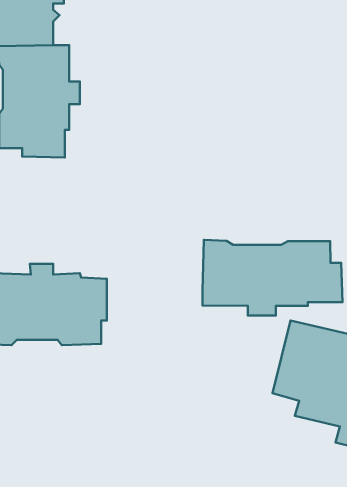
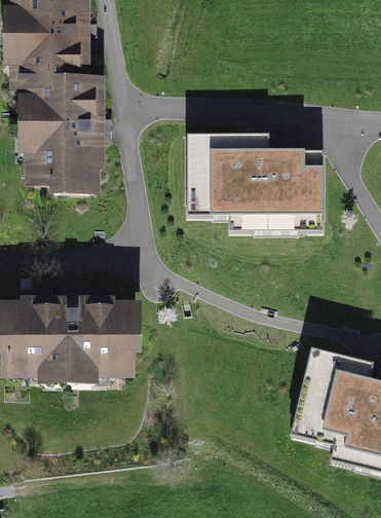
building: none -> [187,133,323,230]
building: [203,240,342,316] -> none

